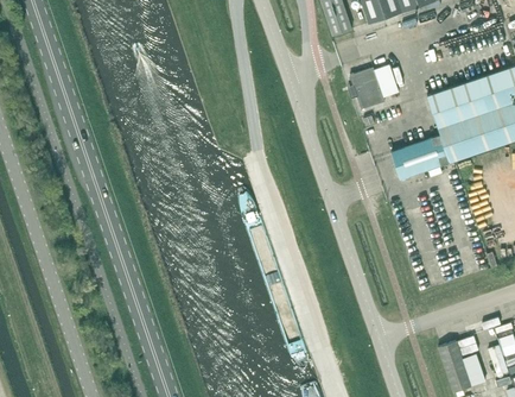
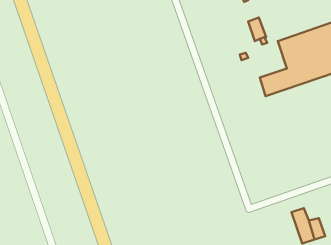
building: [354,67,388,108] -> none

